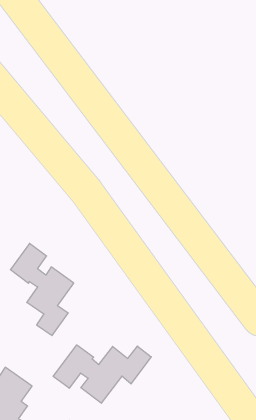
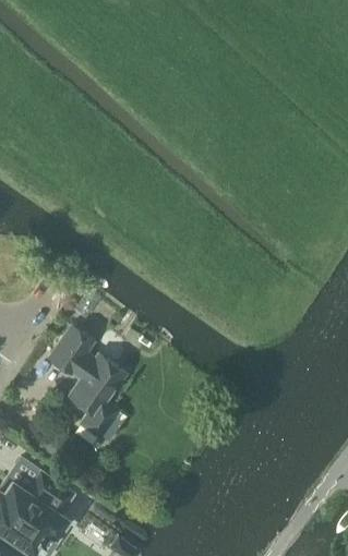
building: [53,345,151,403] -> none

